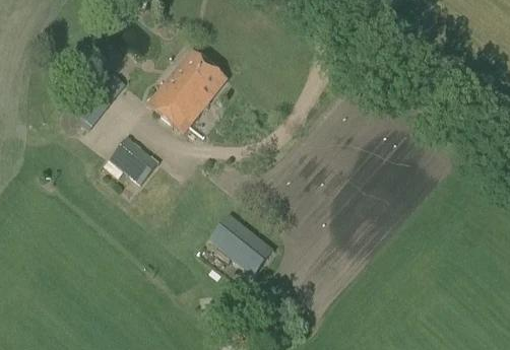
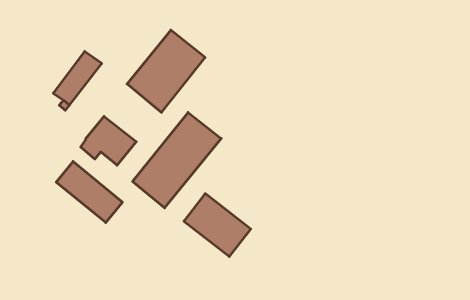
building: none -> [133,112,221,208]
building: none -> [56,161,122,223]

